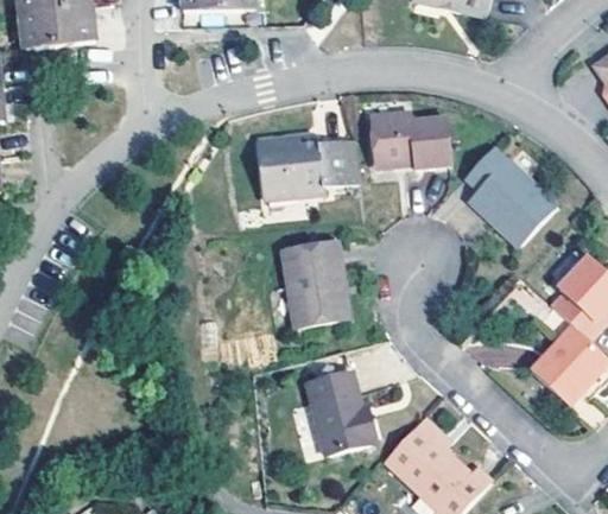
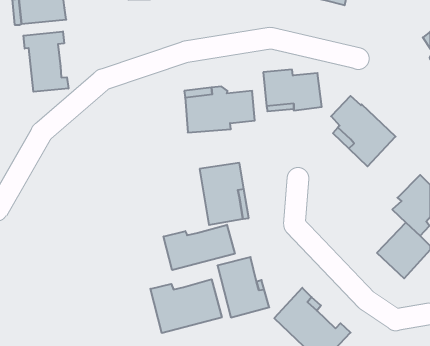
building: none -> [23,31,68,92]
building: none -> [164,225,235,270]
building: none -> [150,279,222,333]

